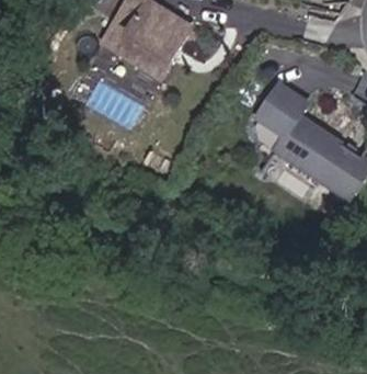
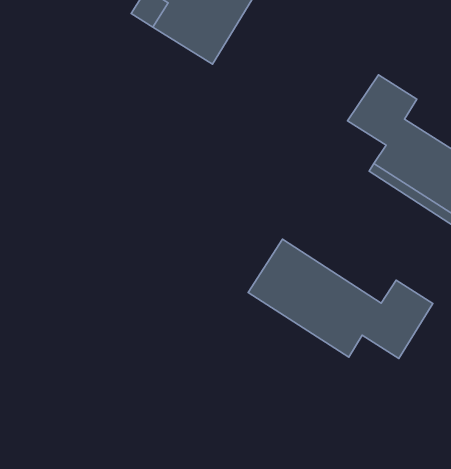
building: none -> [248,239,433,358]

